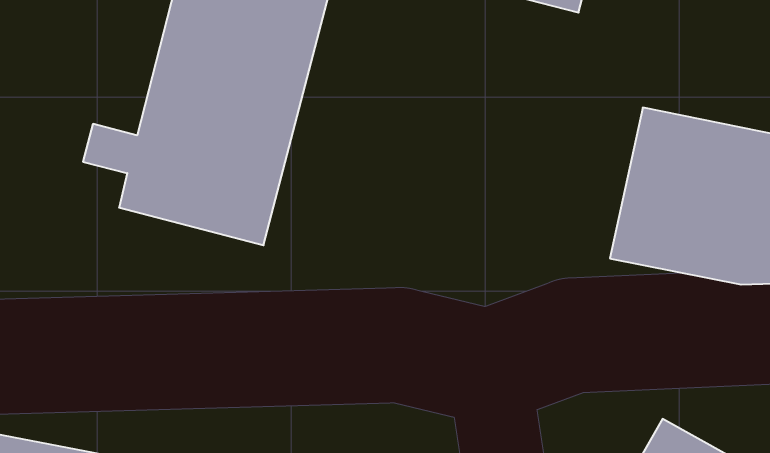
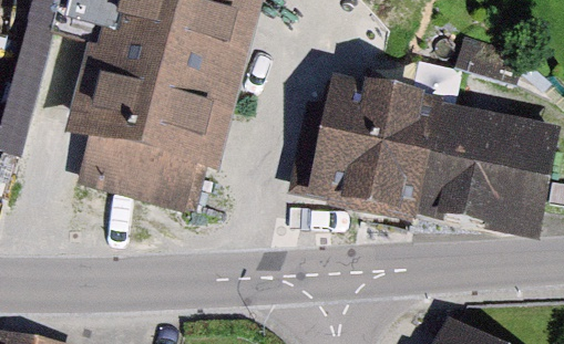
building: none -> [299,86,438,209]

